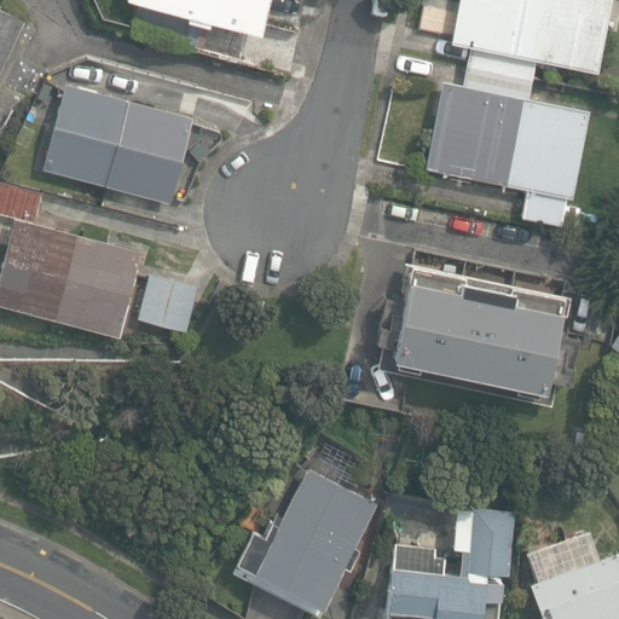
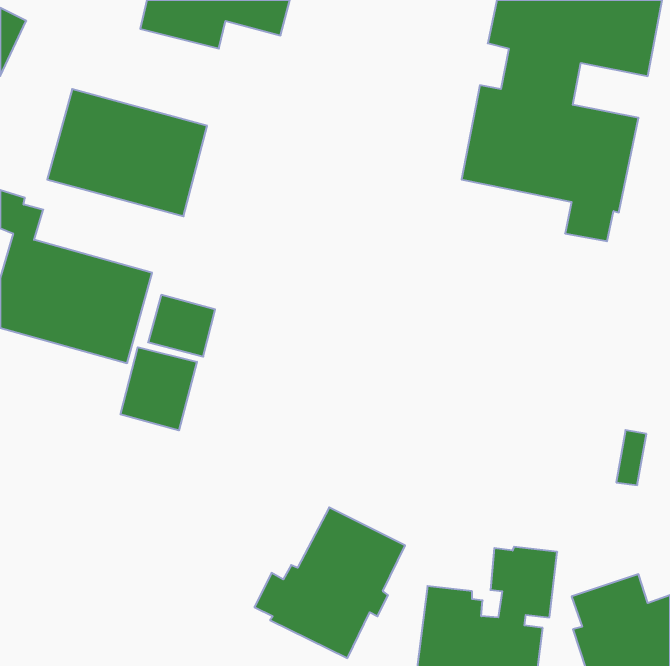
building: [384,270,569,395] -> none
building: none -> [121,347,197,430]

